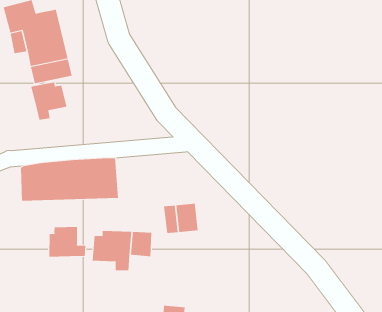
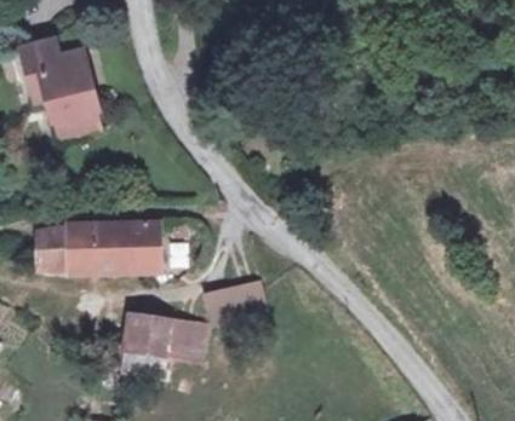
building: [31,81,67,121] -> none
building: [49,226,86,258] -> none

